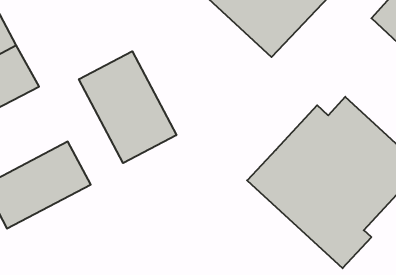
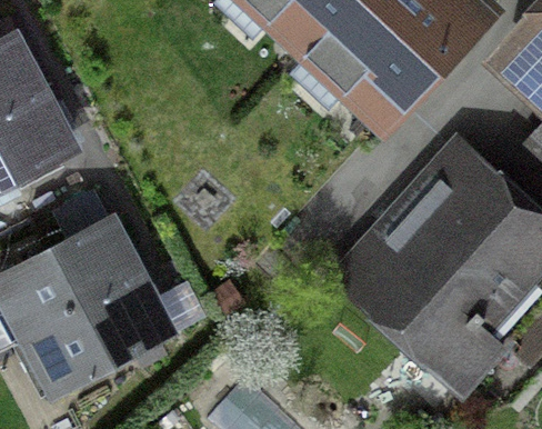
building: [79,51,176,163] -> none
building: none -> [27,278,167,391]

